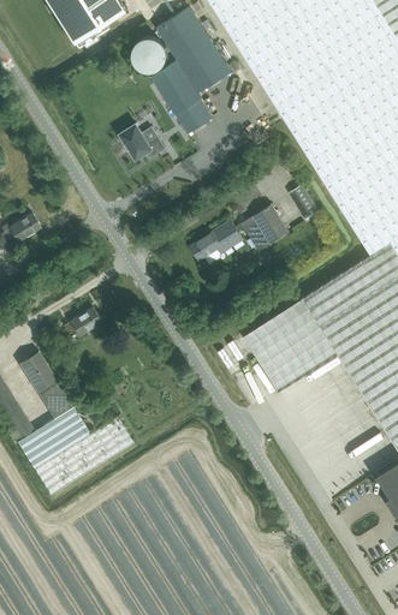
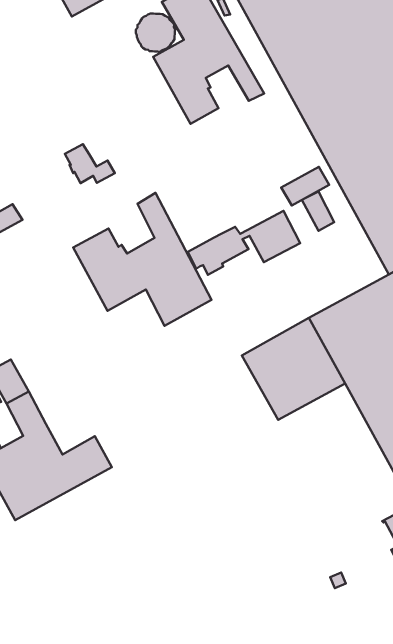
building: [120,124,166,159] -> [65,144,115,183]
building: none -> [281,167,329,205]
building: none -> [73,193,211,326]
building: [64,306,102,335] -> none

